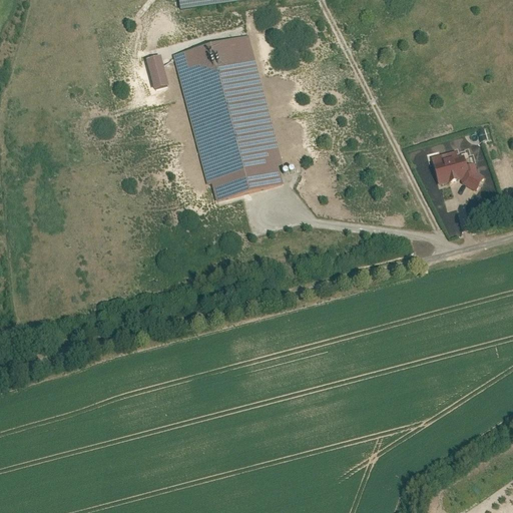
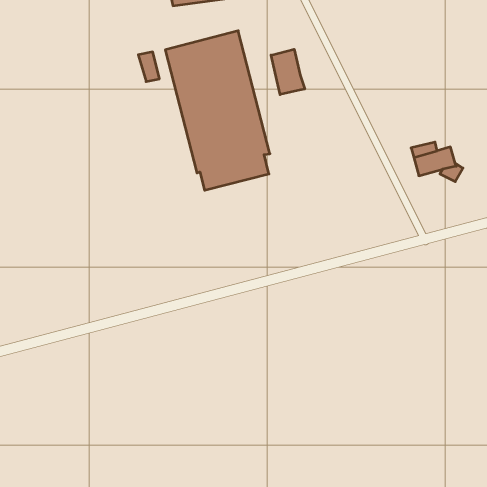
building: none -> [271,49,305,95]

